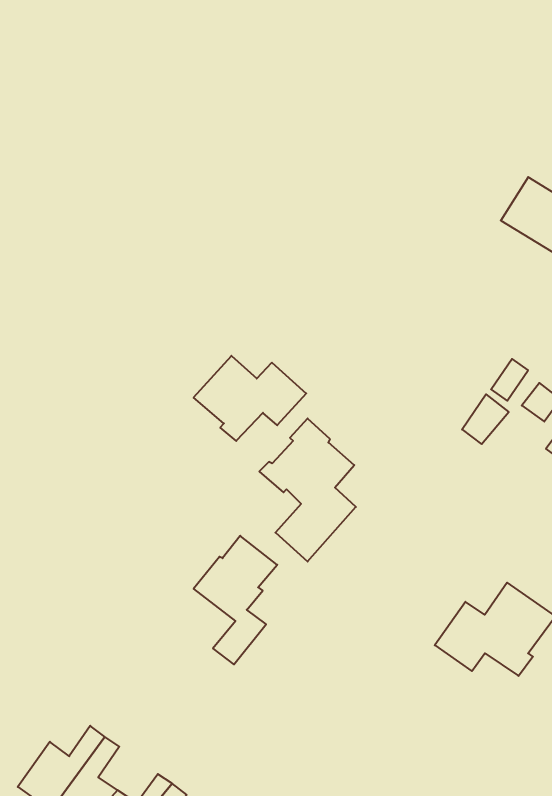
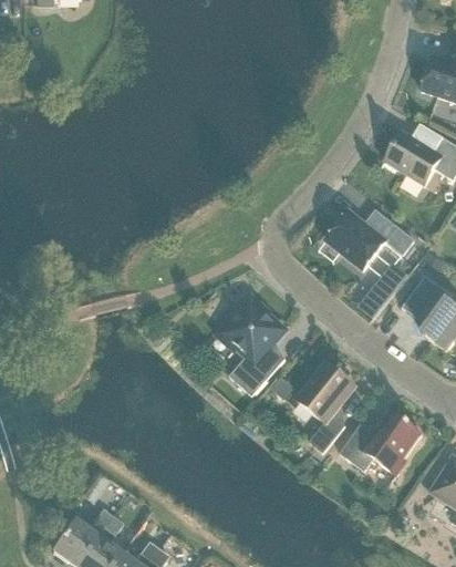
building: none -> [327,212,414,269]
building: [194,356,306,441] -> none
building: [194,536,277,664] -> [296,363,353,452]

